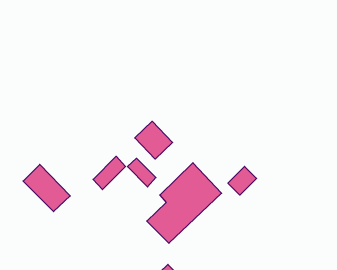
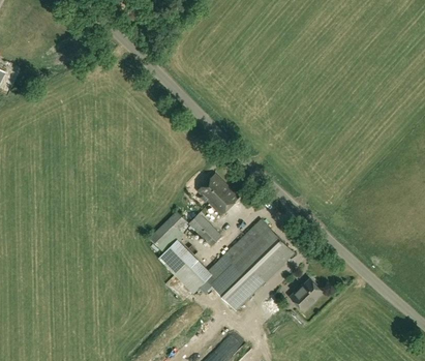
building: [23,164,70,212] -> [158,239,211,292]
building: [228,166,257,195] -> [291,278,323,310]

